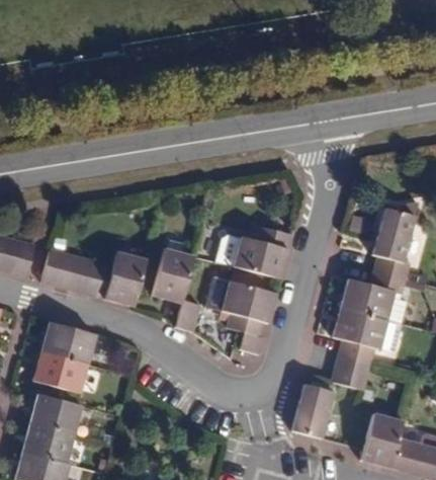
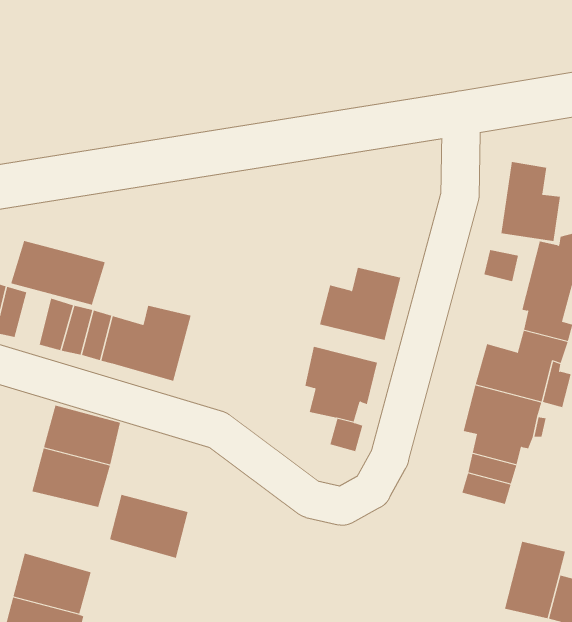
building: none -> [501,161,561,242]
building: none -> [11,240,105,306]
building: [152,248,199,330] -> none
building: [291,383,336,437] -> none
building: [30,392,85,436] -> [109,494,188,559]

